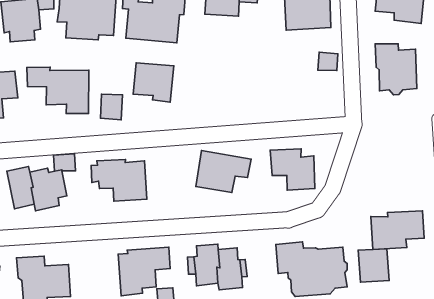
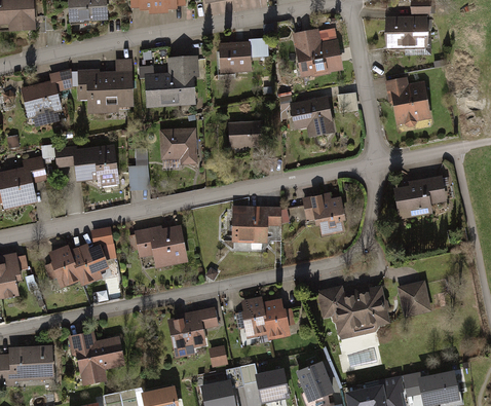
building: none -> [289,96,335,139]
building: none -> [226,121,264,149]
building: [371,211,424,249] -> [394,174,449,218]

